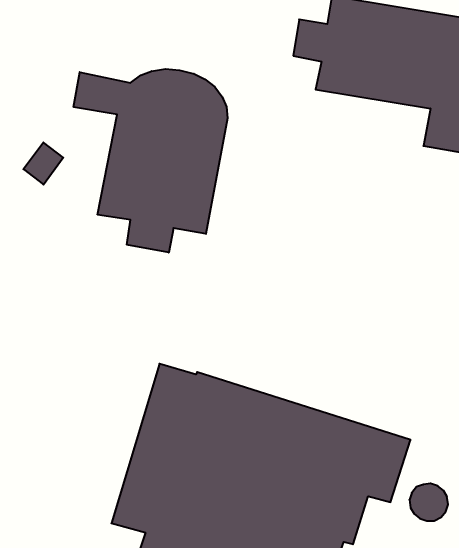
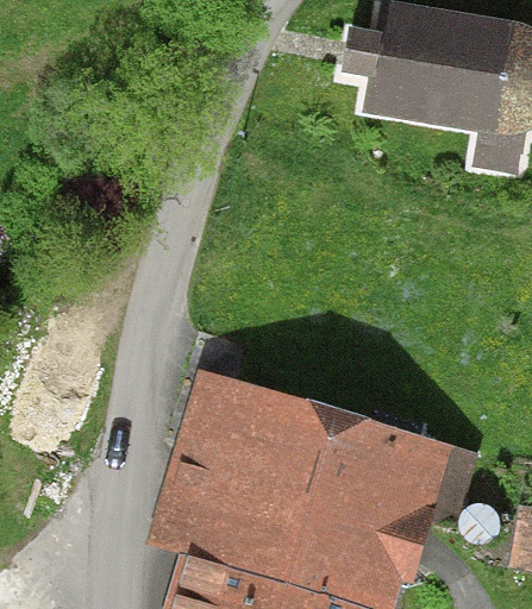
building: [74,69,228,253] -> none

